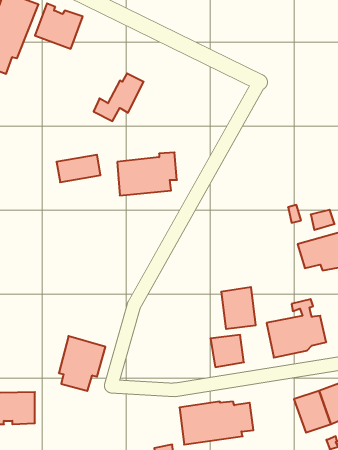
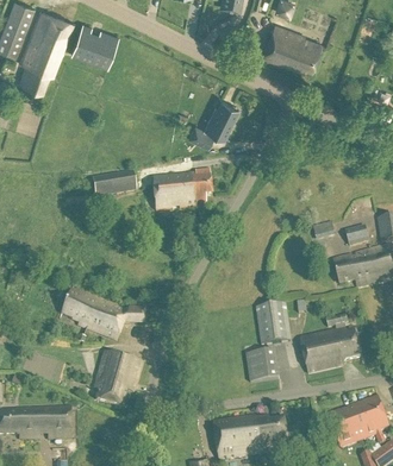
building: none -> [261,23,319,71]
building: [94,73,144,121] -> [188,99,238,146]
building: none -> [62,290,143,340]

